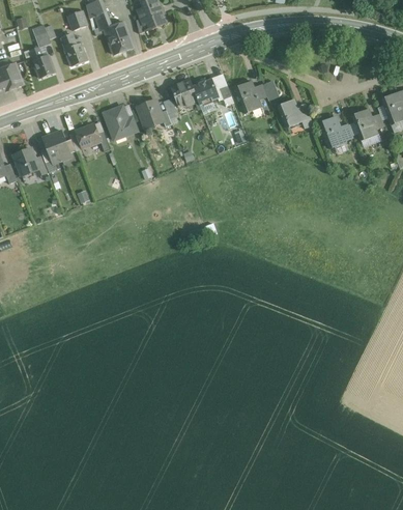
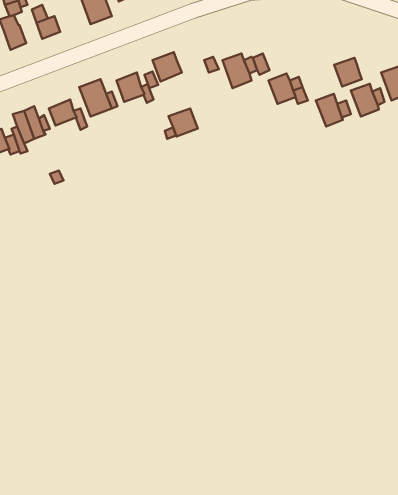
building: [192,79,219,105] -> [169,108,198,137]
building: none -> [334,58,362,86]

